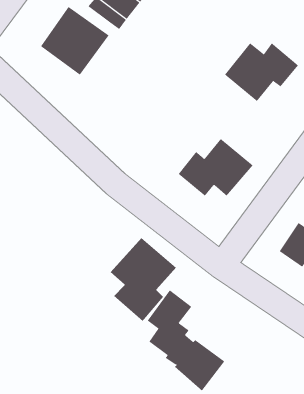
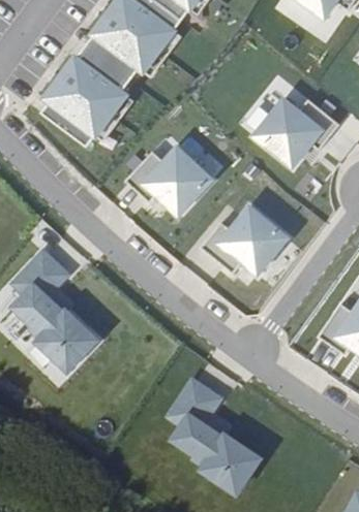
building: none -> [127,146,213,212]
building: none -> [12,249,95,369]
building: [110,237,177,322] -> none

